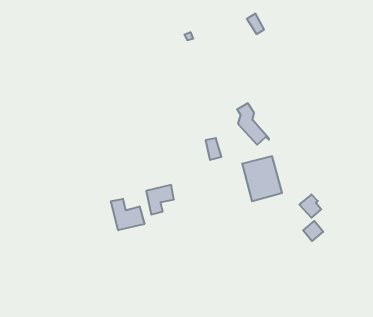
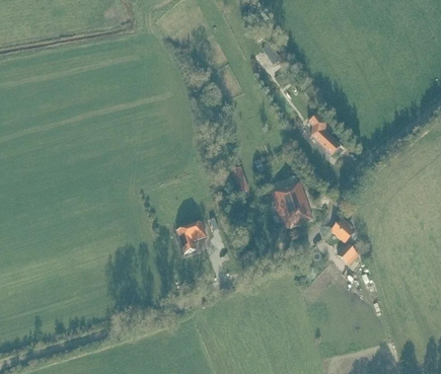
building: [237,103,269,145] -> [308,114,343,154]
building: [111,199,144,230] -> none

